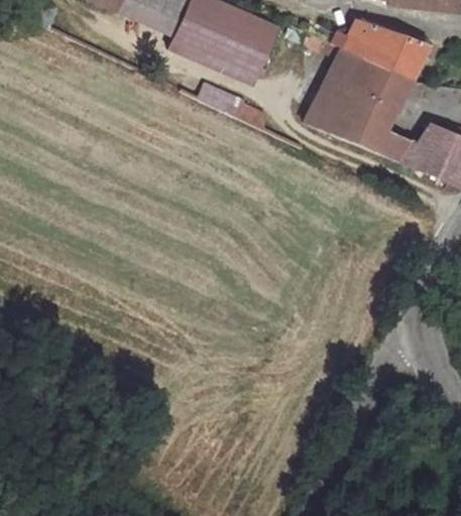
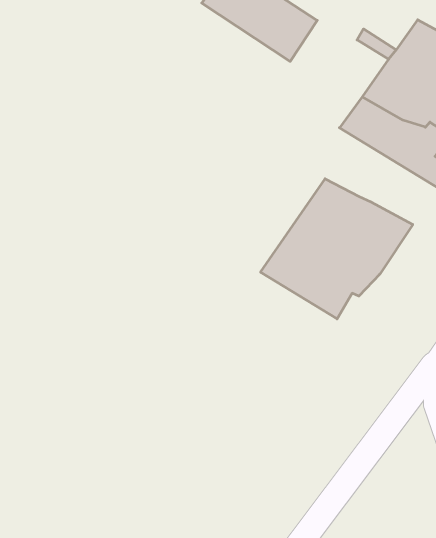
building: none -> [261,179,413,319]

